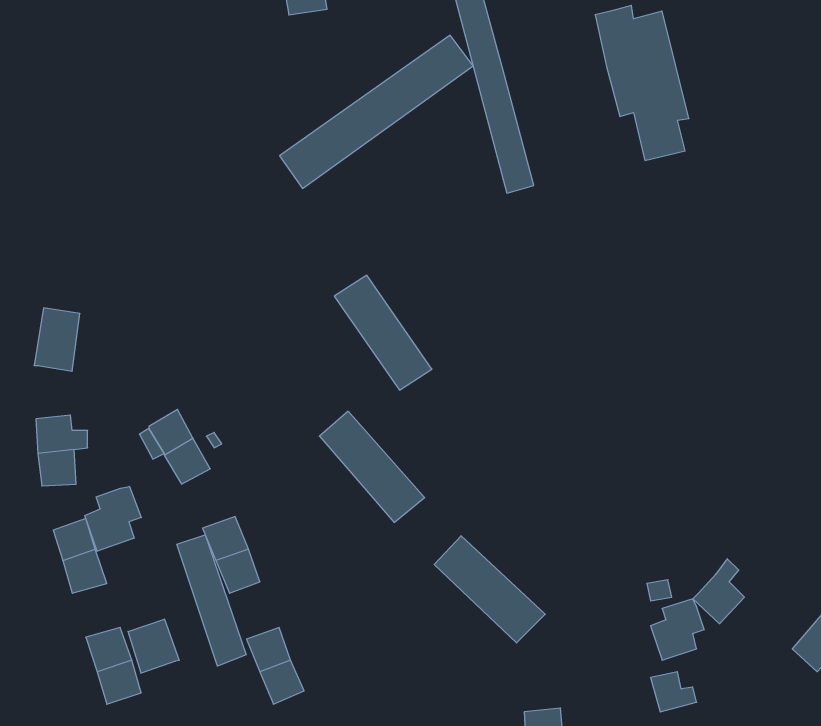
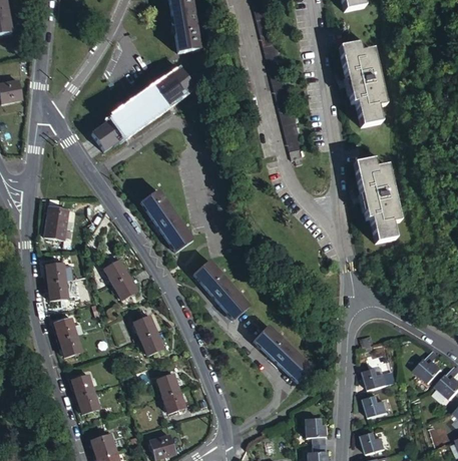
building: [280,35,473,188] -> [91,69,192,149]
building: none -> [352,160,399,241]
building: [334,275,432,390] -> [140,189,191,250]
building: [85,486,141,551] -> none
building: [177,535,246,666] -> none
building: [693,559,744,624] -> [416,351,443,385]
building: [128,619,179,673] -> none

